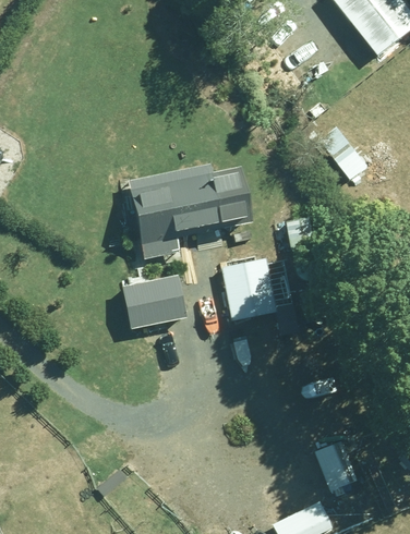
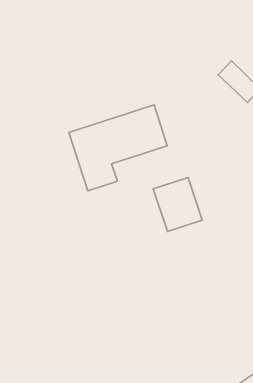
building: [123,274,186,327] -> none

